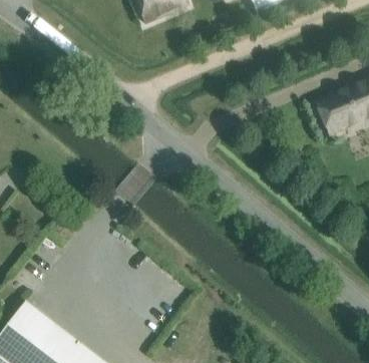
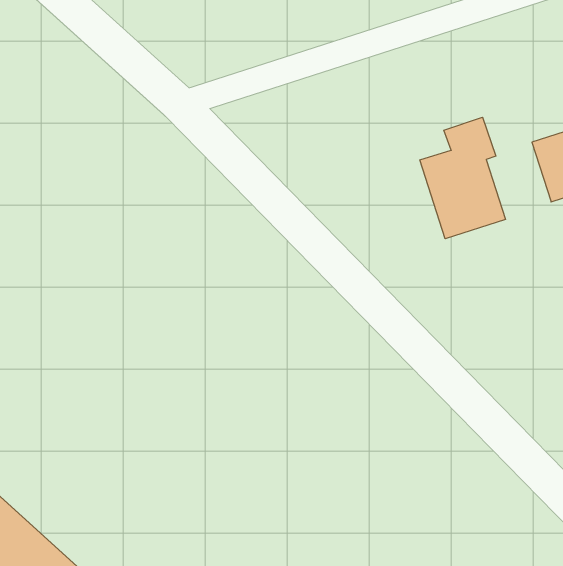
building: none -> [420,117,505,239]

